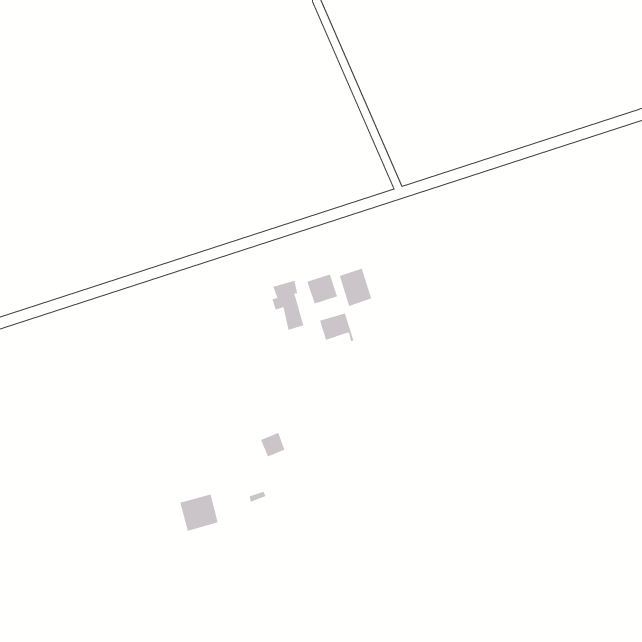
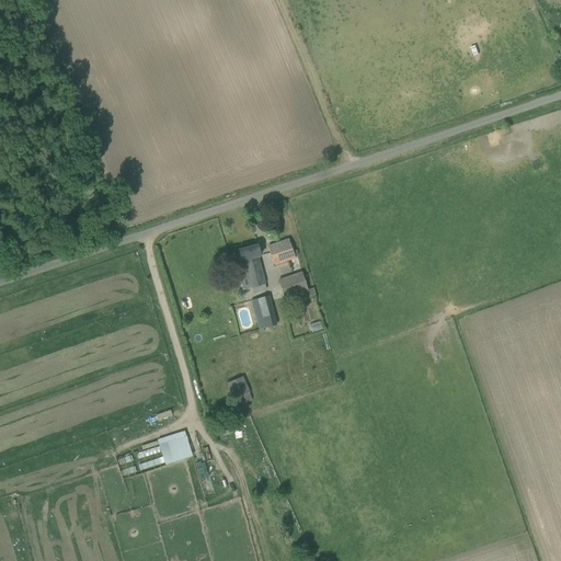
building: [339,268,372,307] -> none
building: none -> [250,296,277,330]

